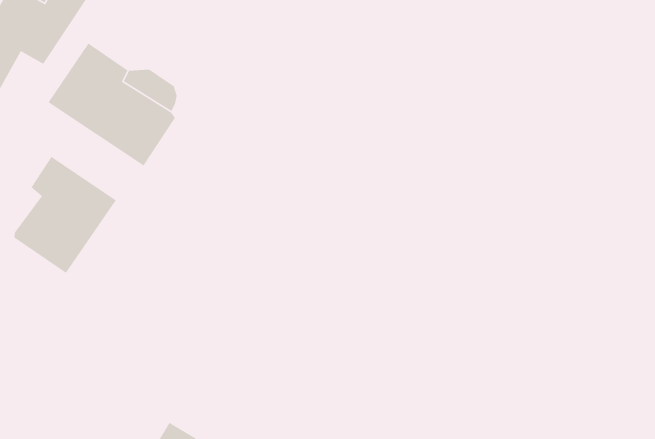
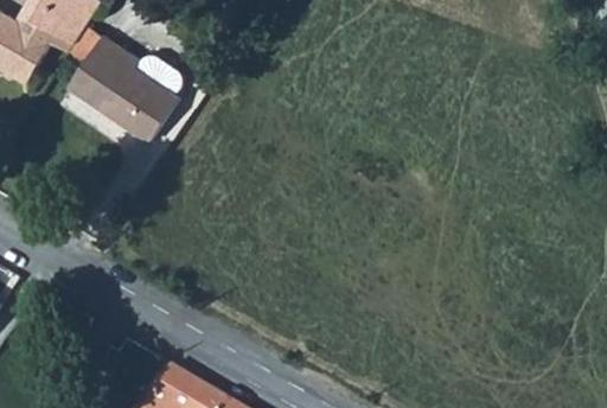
building: [14,156,117,274] -> none

